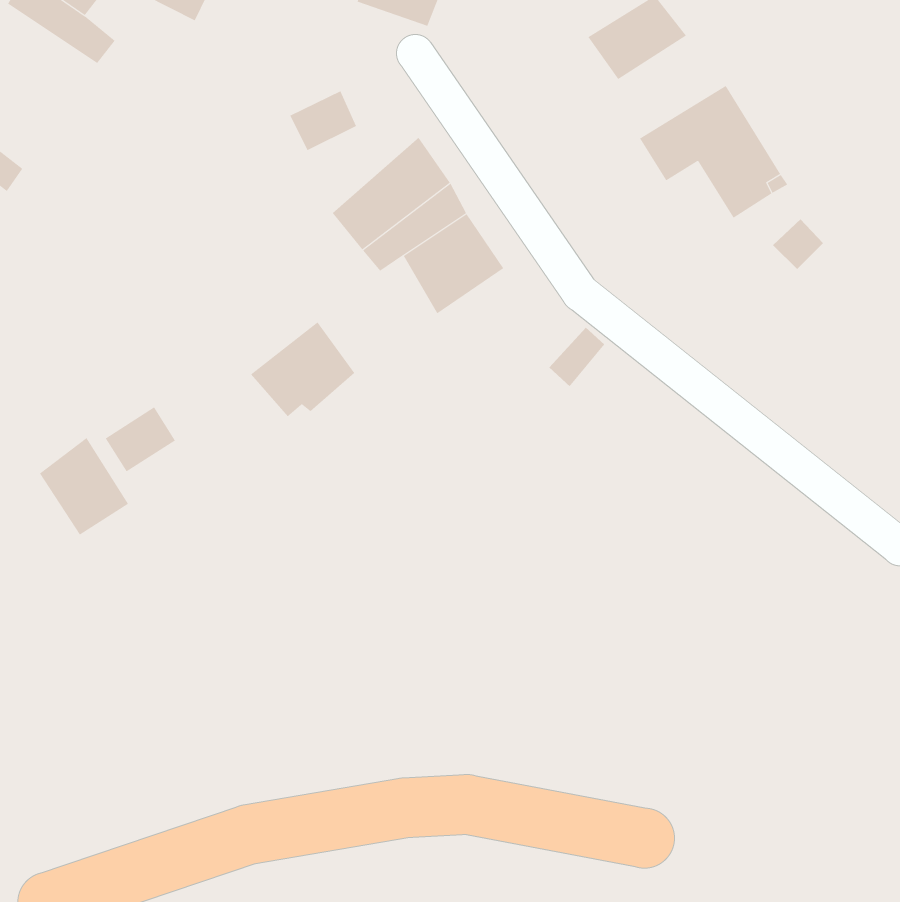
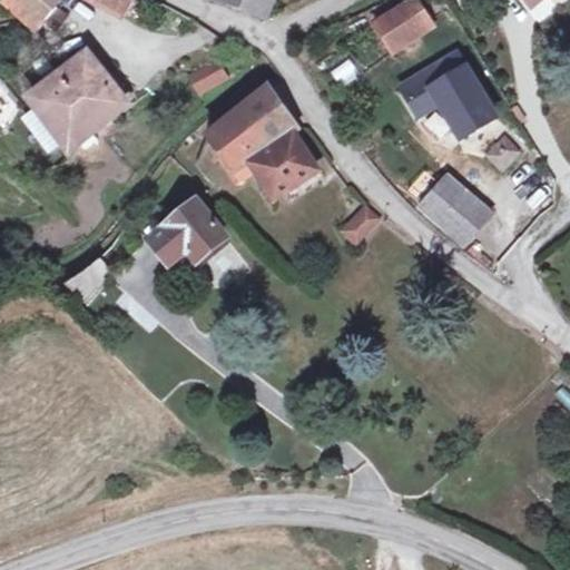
building: none -> [33,59,125,147]
building: none -> [421,177,488,244]
building: [39,437,129,536] -> none

